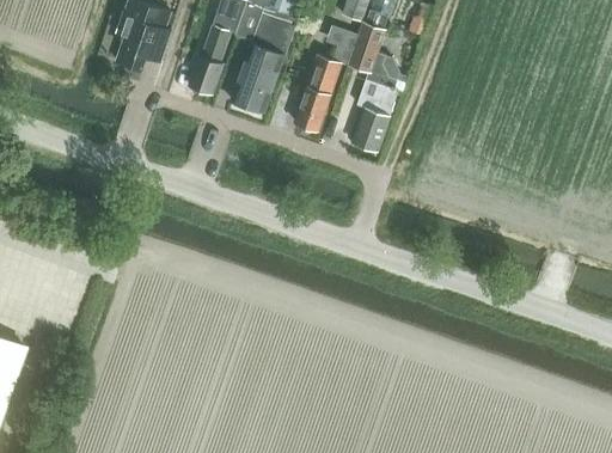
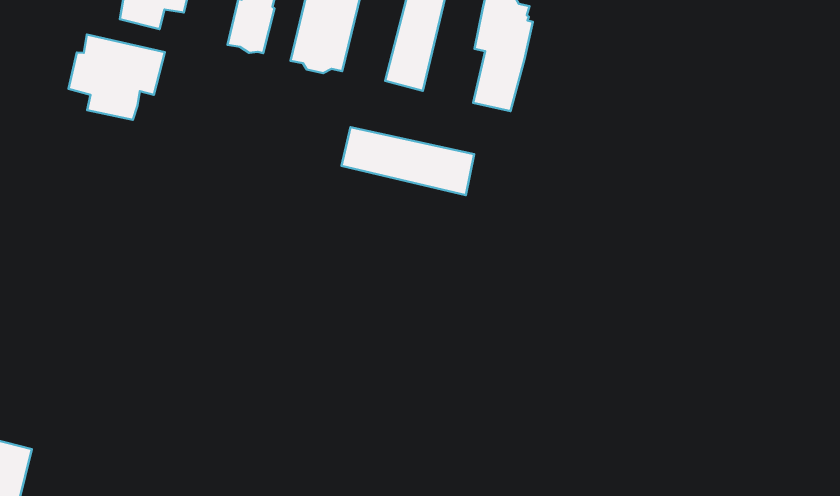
building: none -> [69,34,165,120]
building: none -> [341,127,474,195]

